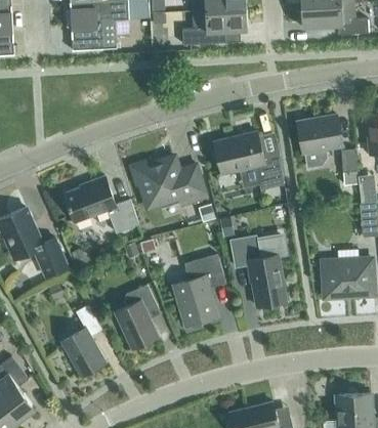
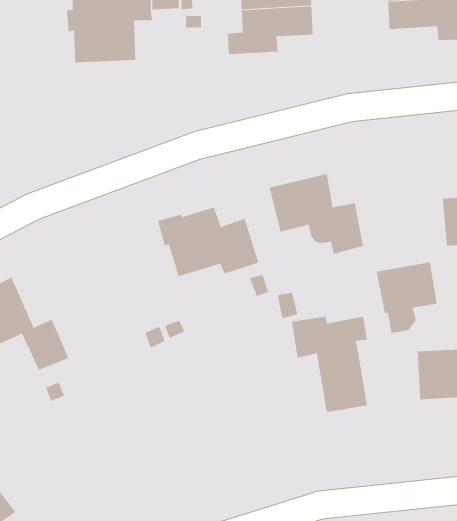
building: [297,115,342,168] -> [376,262,437,334]
building: [64,176,138,232] -> none
building: [172,254,223,326] -> none
building: [116,284,158,348] -> none
building: [61,304,106,376] -> none

